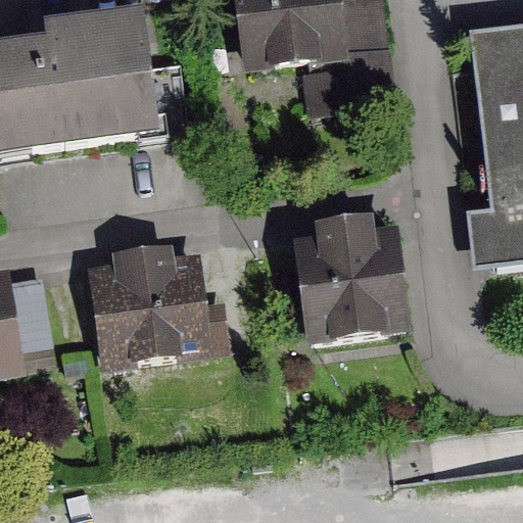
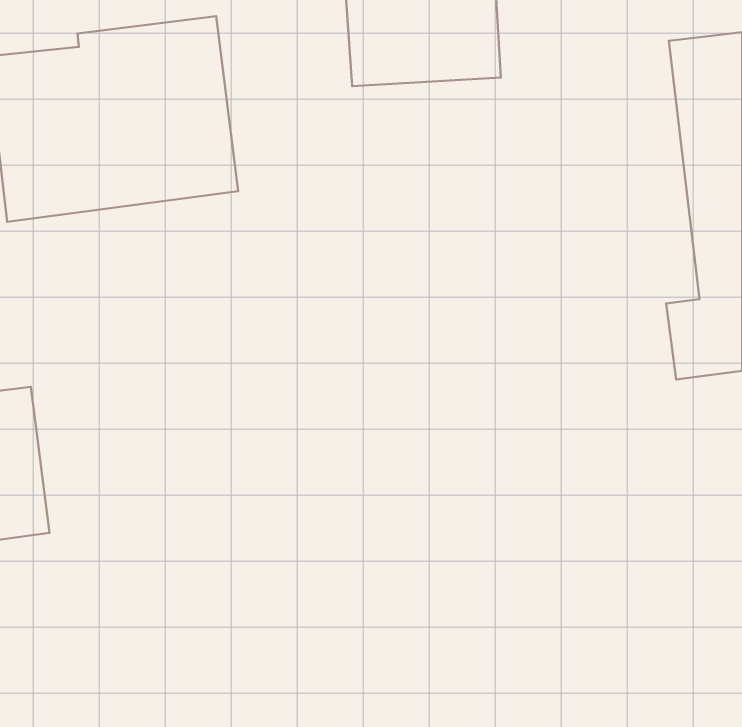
building: [304,224,418,340] -> none
building: [96,244,213,360] -> none

